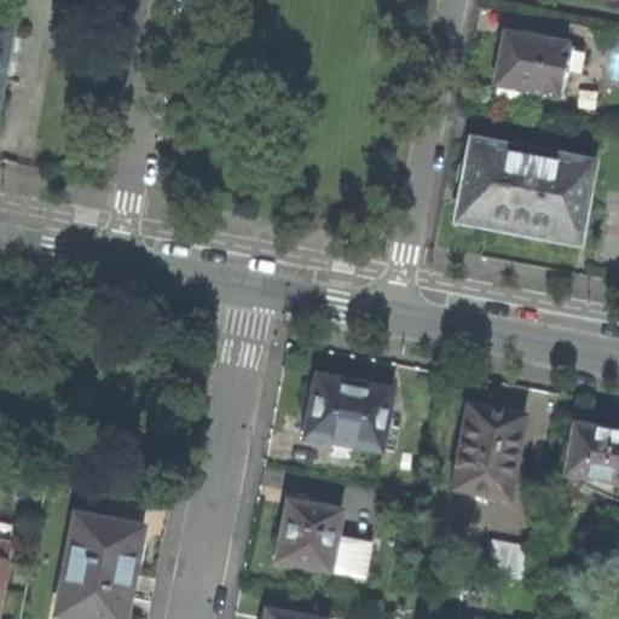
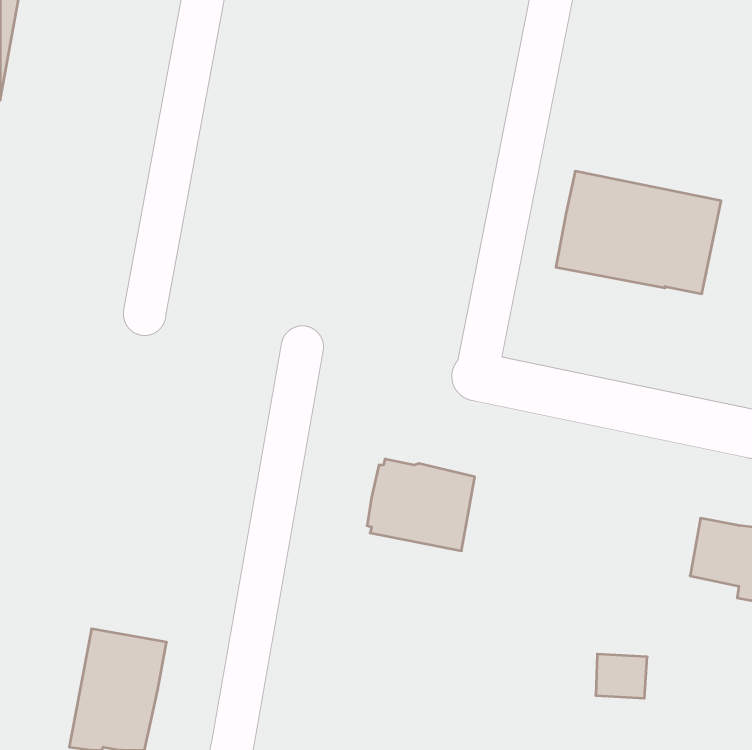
building: [493,34,568,102] -> none
building: [452,404,526,499] -> none
building: [276,491,354,572] -> none

